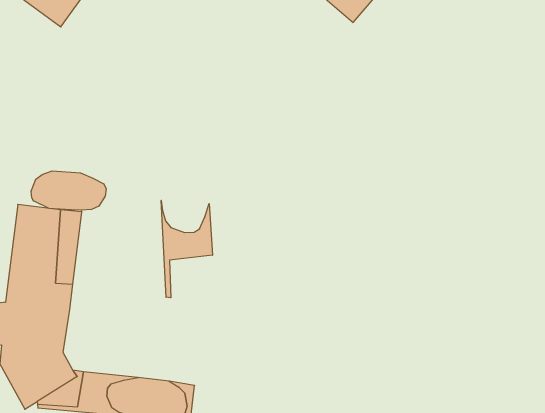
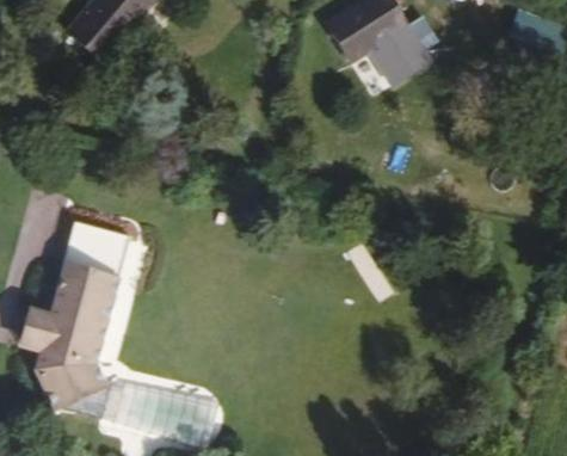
building: [31,171,106,210] -> none
building: [161,200,212,298] -> none

